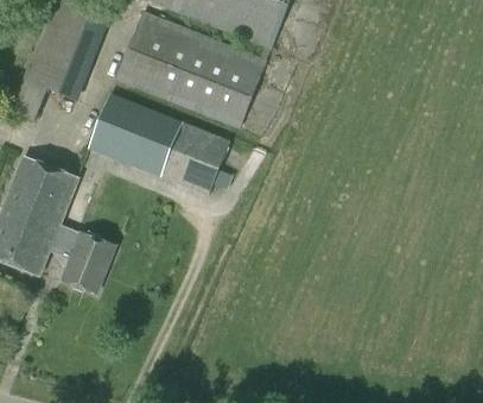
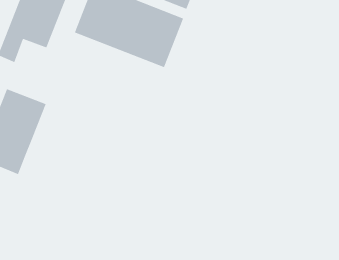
building: [87,92,229,196] -> none
building: [50,225,114,292] -> none

